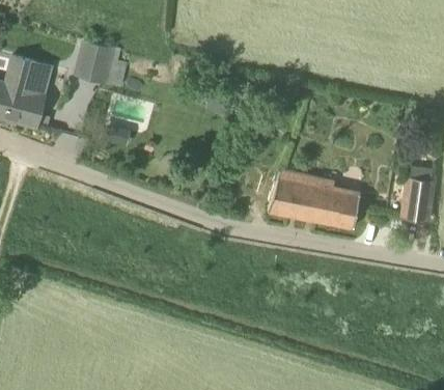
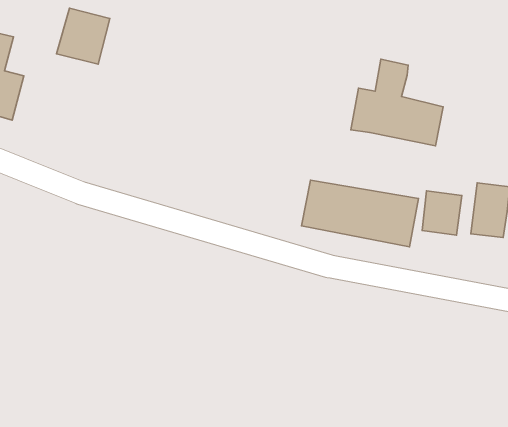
building: none -> [351,59,443,146]
building: none -> [422,191,462,235]

